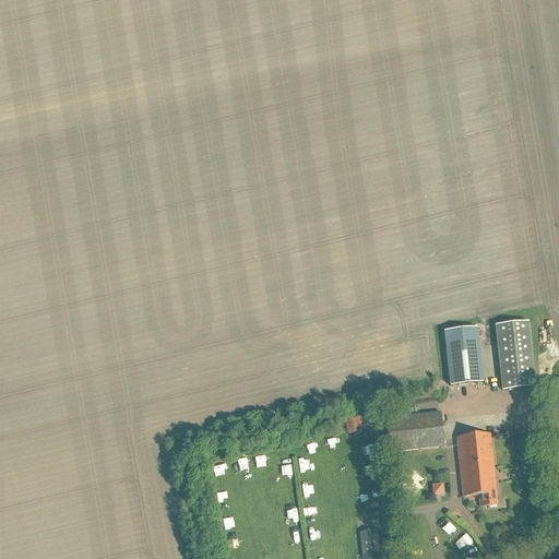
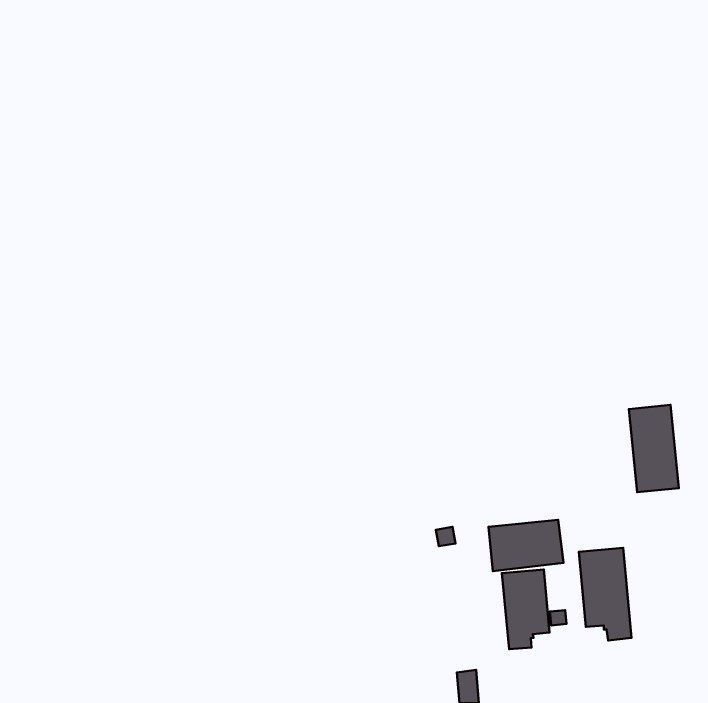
building: [444,326,483,383] -> none
building: none -> [502,569,550,649]

